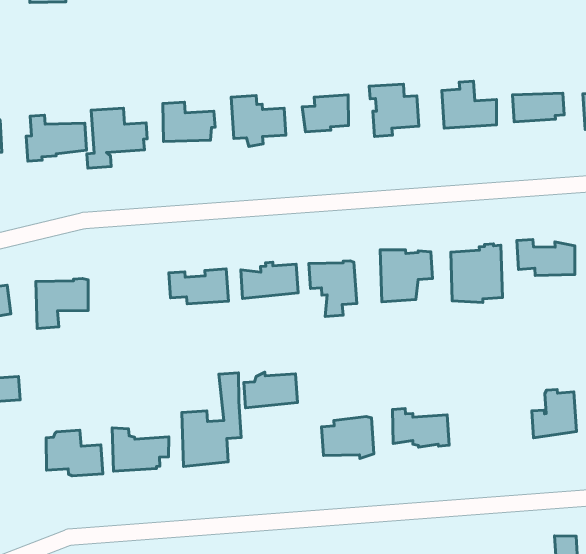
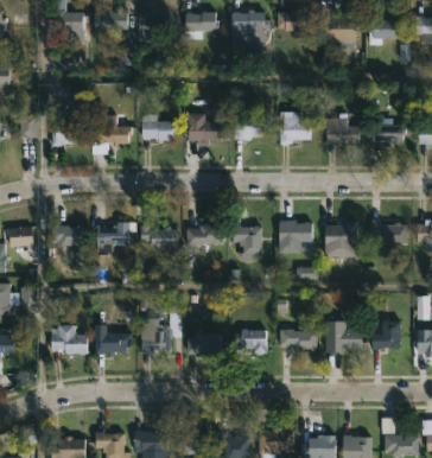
building: none -> [97,222,131,248]
building: [244,372,297,408] -> [188,331,222,354]
building: none -> [325,322,363,354]

